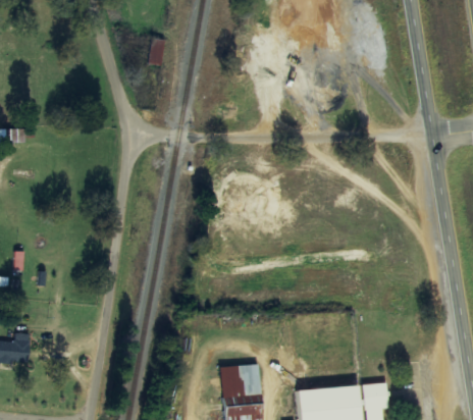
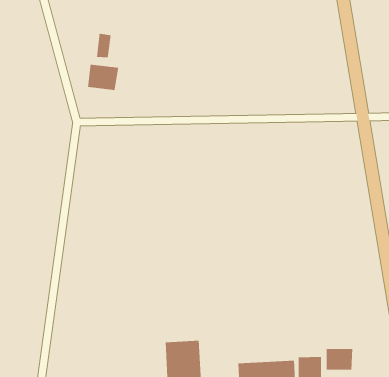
building: none -> [87,64,119,91]
building: none -> [326,348,353,371]

